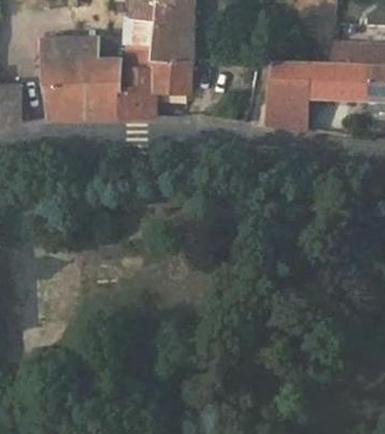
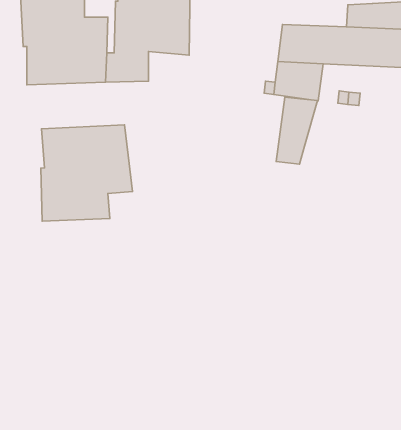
building: none -> [276,97,317,164]
building: none -> [41,125,132,221]

